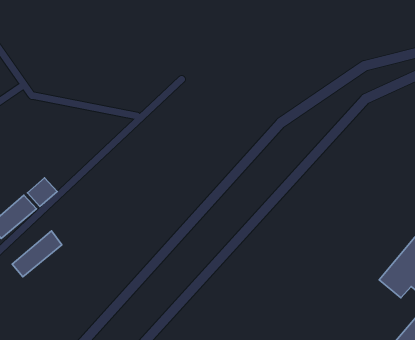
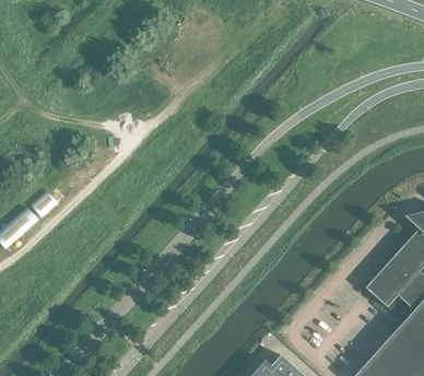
building: [12,231,62,277] -> none

